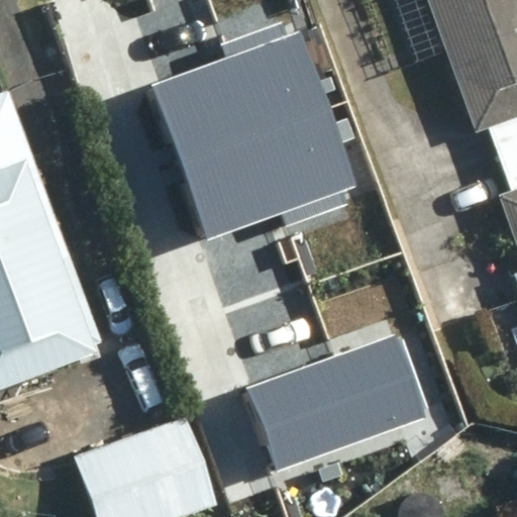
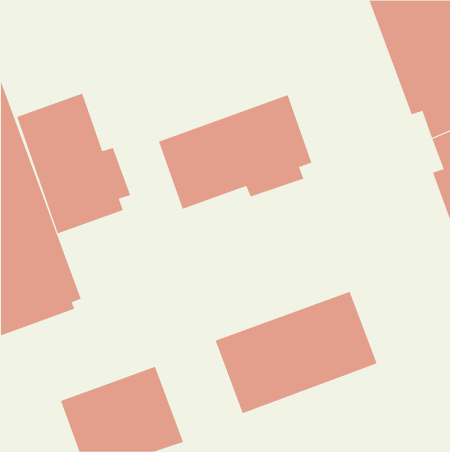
building: [154,23,331,162] -> none
building: none -> [16,93,131,234]

